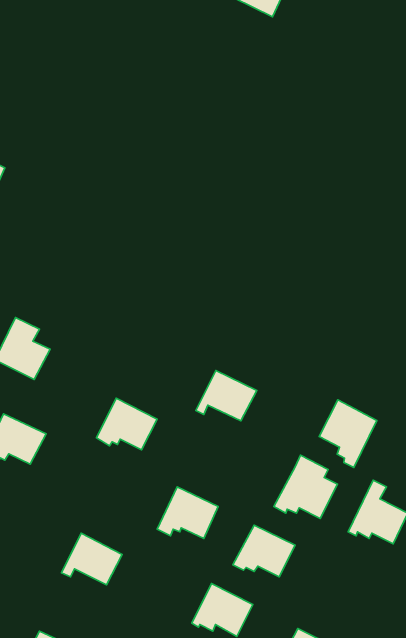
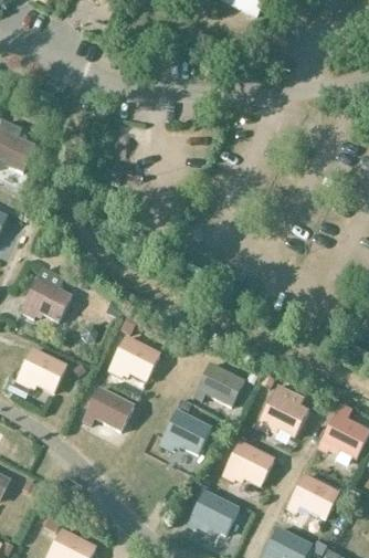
building: [196,371,257,421] -> [194,364,245,406]
building: [319,400,377,468] -> none
building: [61,533,122,585] -> [83,387,134,430]
building: none -> [288,474,339,517]

